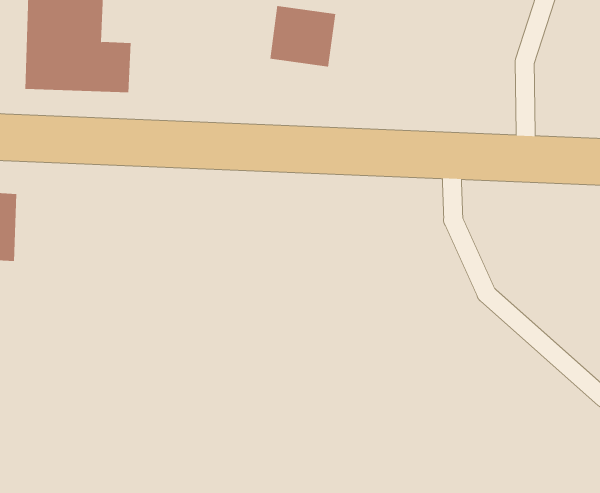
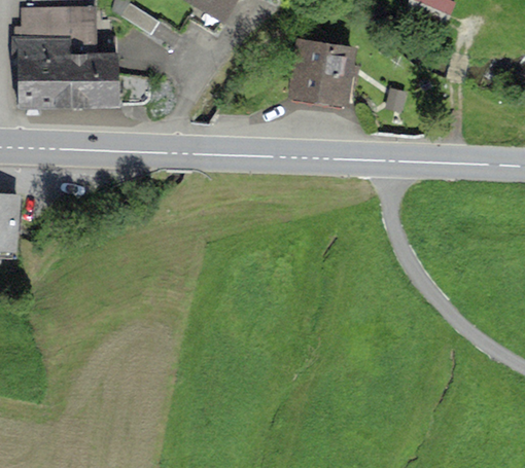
building: [269,5,336,67] -> [296,50,354,104]

